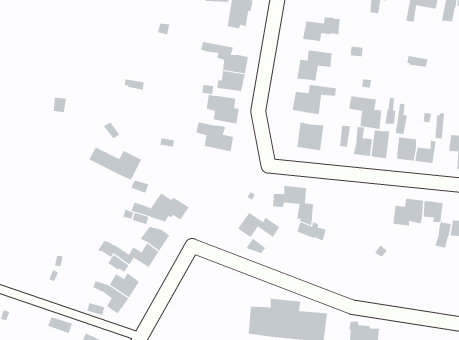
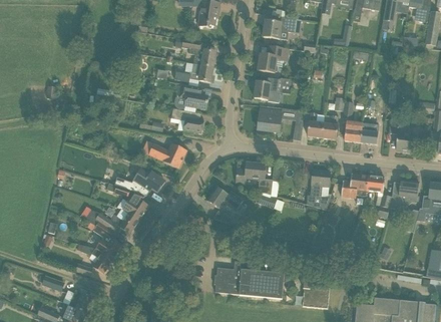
building: [348,95,382,130] -> none
building: [89,147,142,180] -> [141,139,187,169]
building: none -> [307,170,331,209]

